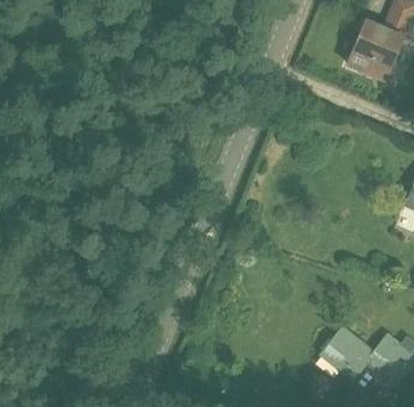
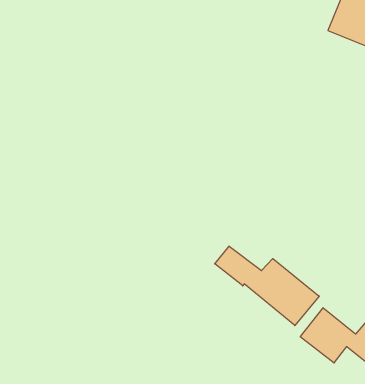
building: none -> [215,246,319,326]

